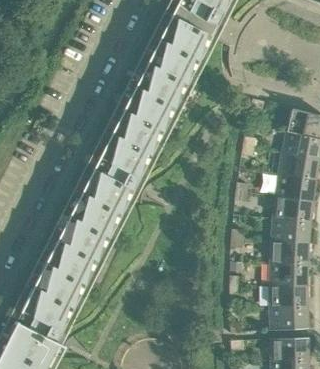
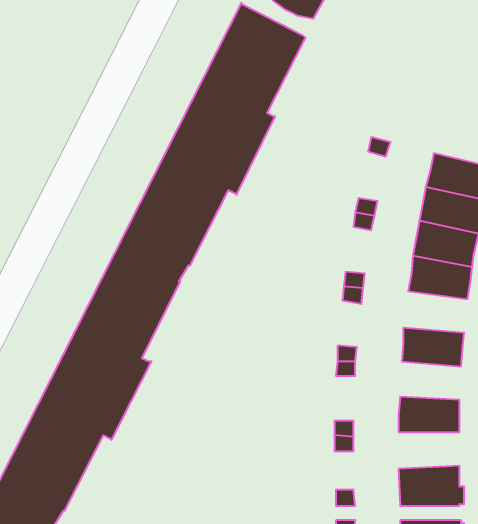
building: [271,194,311,220] -> none
building: [269,238,307,262] -> none
building: [268,282,306,305] -> none

